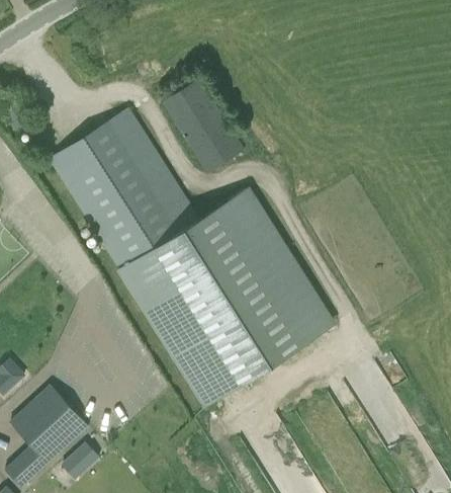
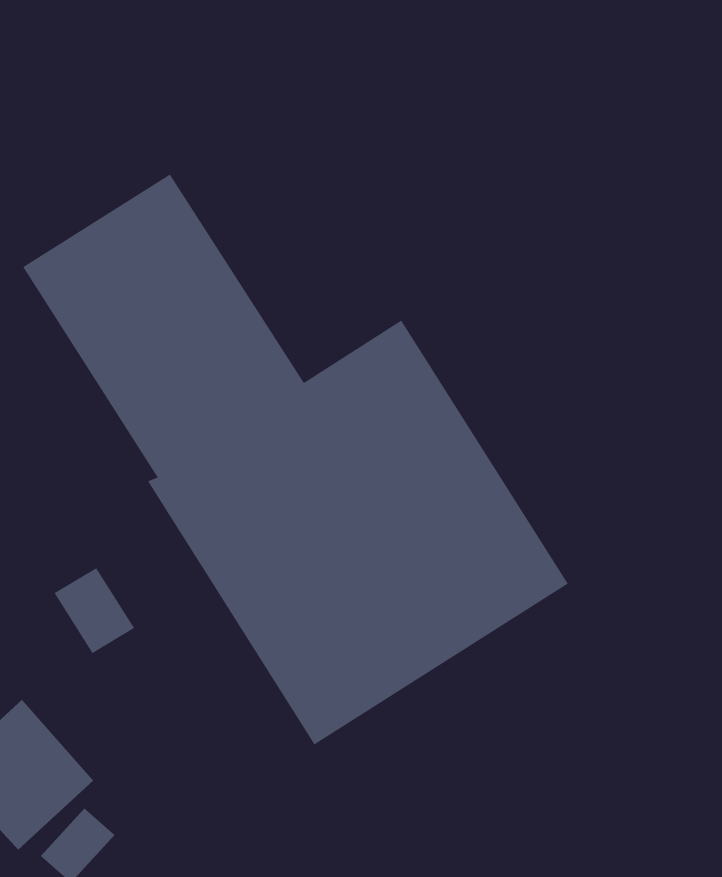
building: [164,80,246,174] -> none
building: none -> [53,567,135,654]

